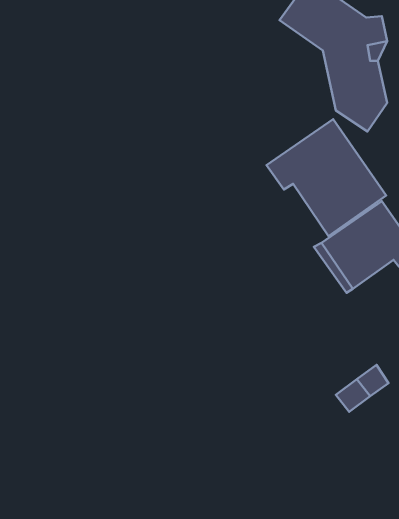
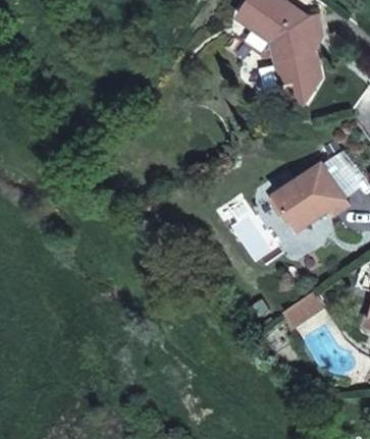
building: [266,119,386,236] -> none

